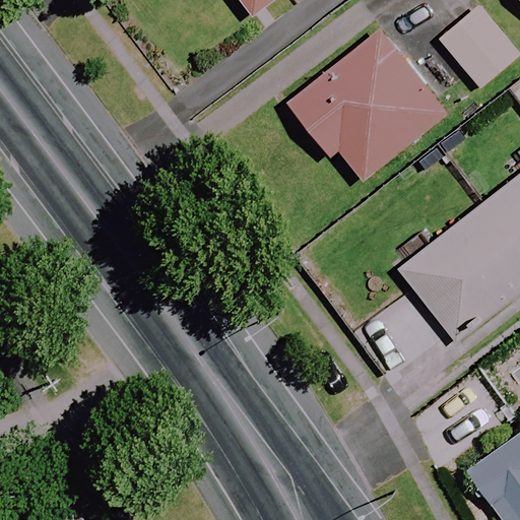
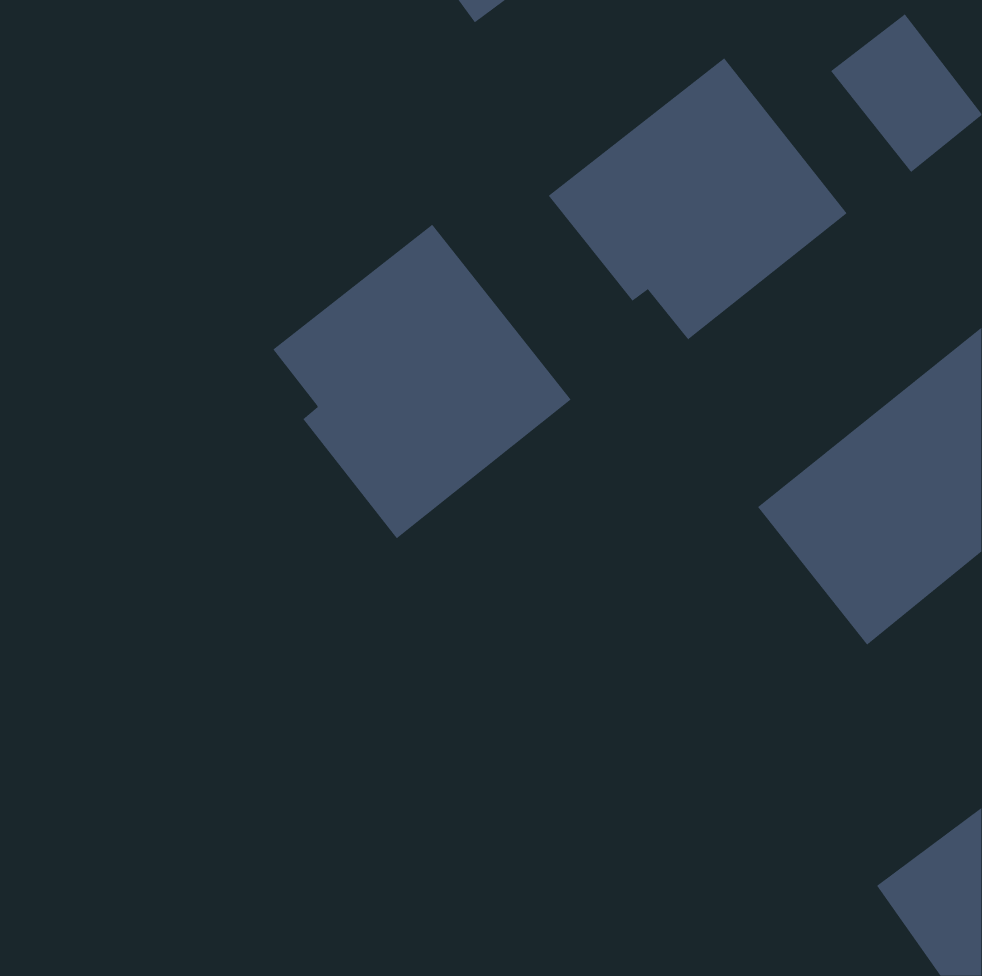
building: none -> [273,224,571,539]

